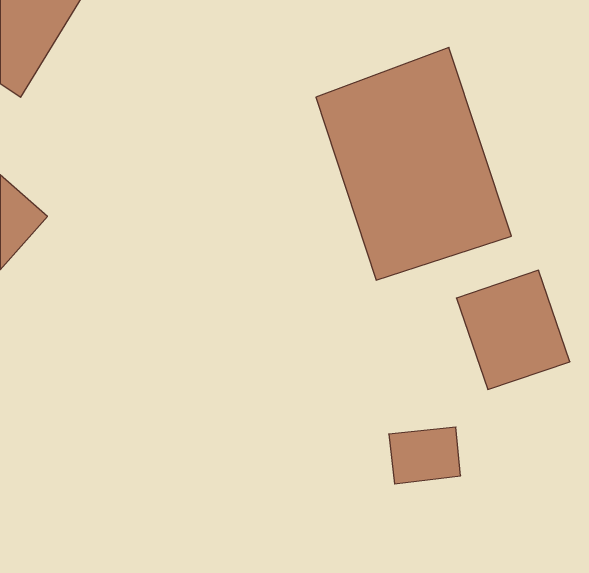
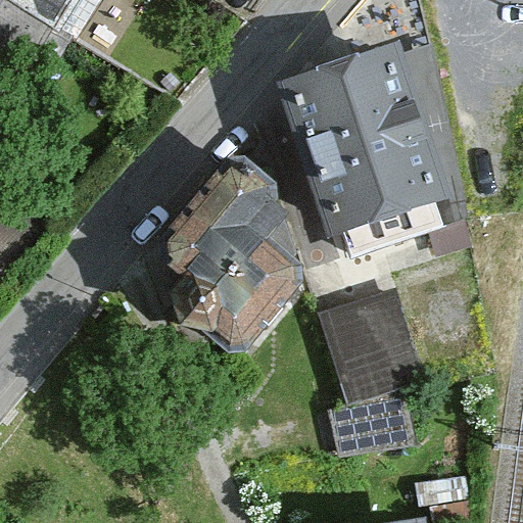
building: none -> [179,180,292,350]
building: [456,270,570,389] -> [321,267,421,372]

